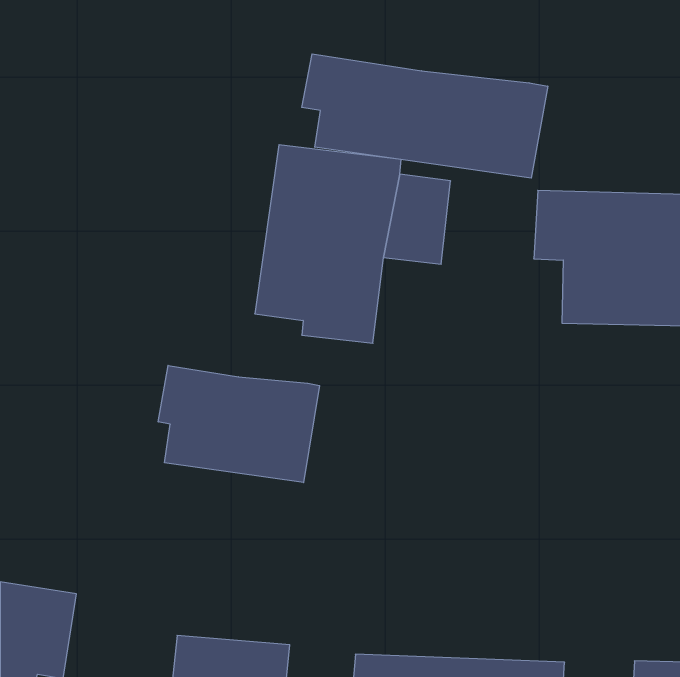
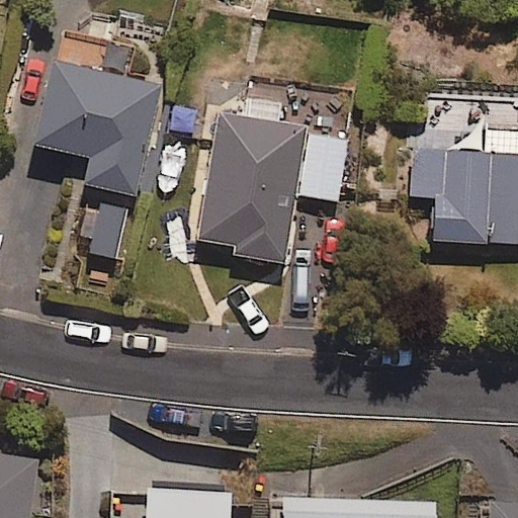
building: [302,54,548,178] -> none
building: none -> [34,57,164,193]
building: [158,365,320,483] -> none

